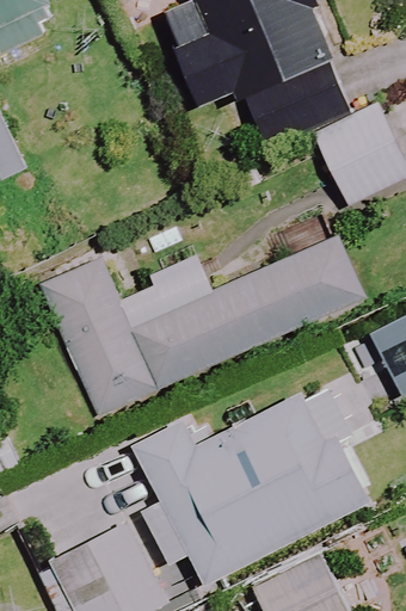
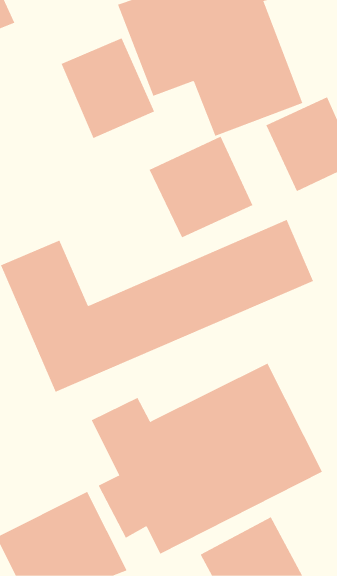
building: none -> [61,37,155,139]
building: none -> [149,136,253,238]

